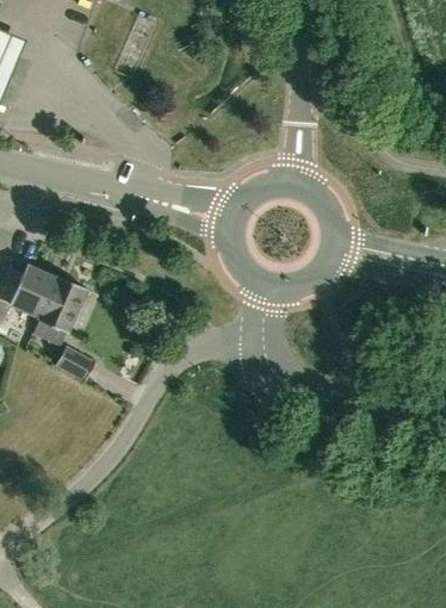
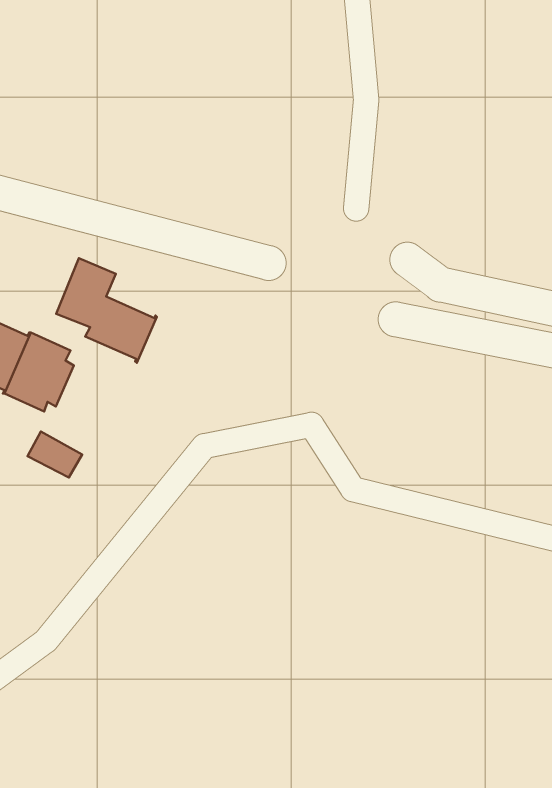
building: none -> [56,258,157,363]

